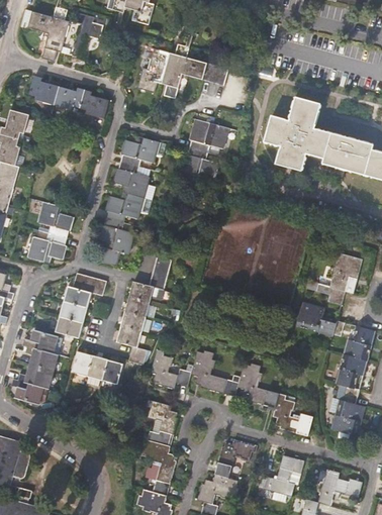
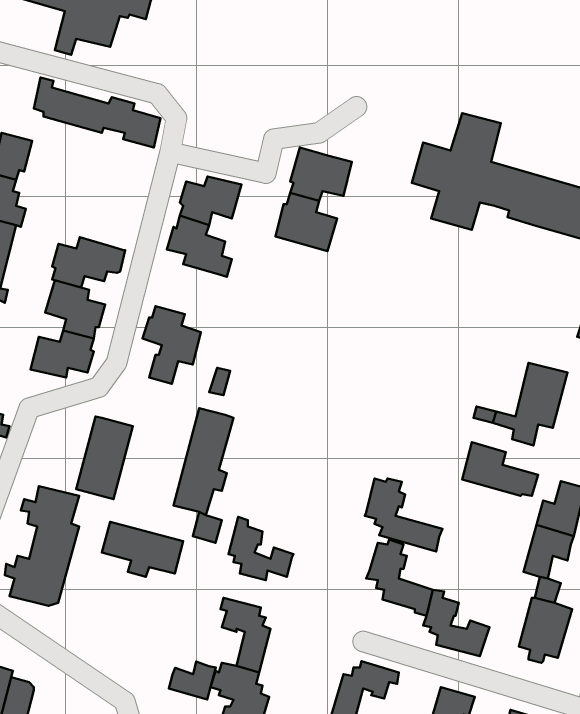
building: [136,43,228,98] -> none
building: [105,191,151,222] -> [52,237,125,288]
building: [149,255,172,301] -> none
building: [72,273,106,295] -> none
building: [190,350,238,396] -> [365,478,443,551]
building: none -> [169,661,216,700]

